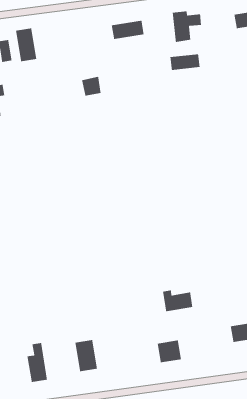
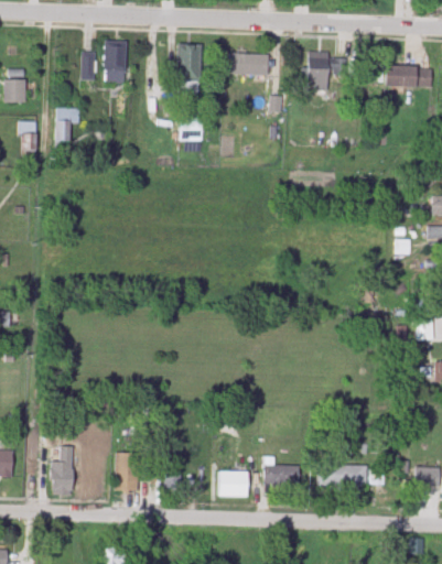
building: none -> [177,45,198,93]
building: [170,53,201,71] -> none
building: [162,290,193,312] -> [262,458,299,486]

